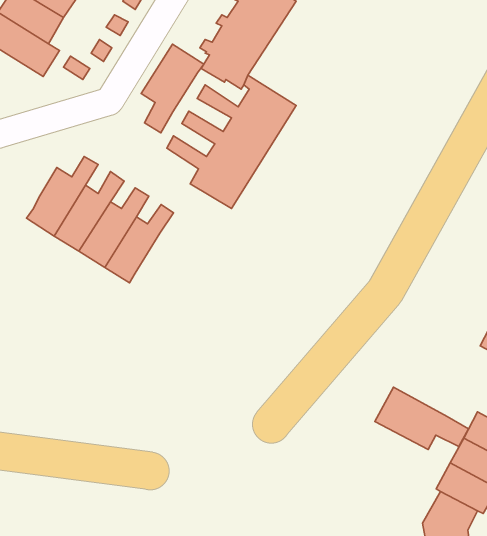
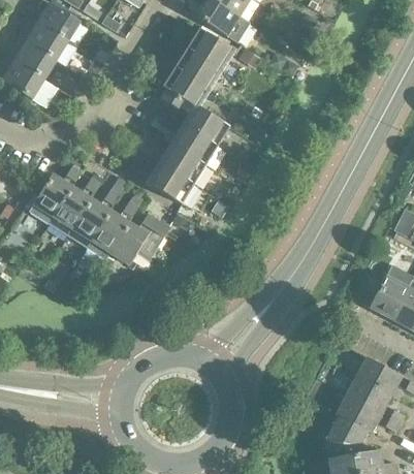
building: [141,44,204,133] -> none
building: none -> [110,212,171,264]
building: [375,387,469,450] -> none

